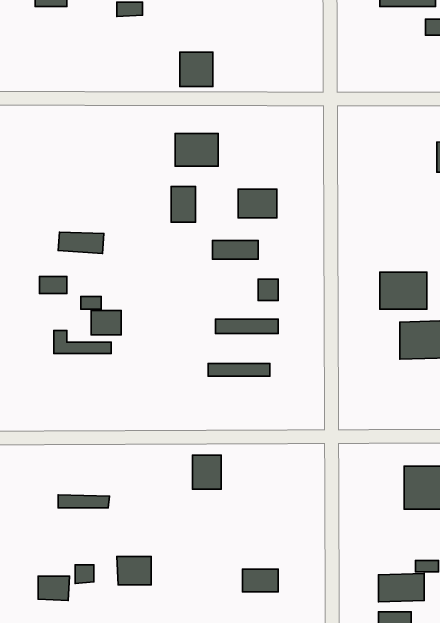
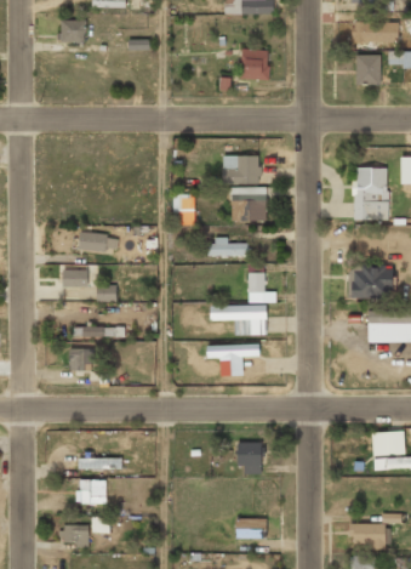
building: none -> [355,55,381,85]
building: [180,52,213,87] -> [241,50,269,79]
building: [175,133,218,166] -> [224,155,261,183]
building: none -> [354,167,388,220]
building: [91,311,121,335] -> [69,349,95,370]
building: [193,455,221,489] -> [238,443,262,472]
building: [117,556,151,585] -> [78,478,107,502]

